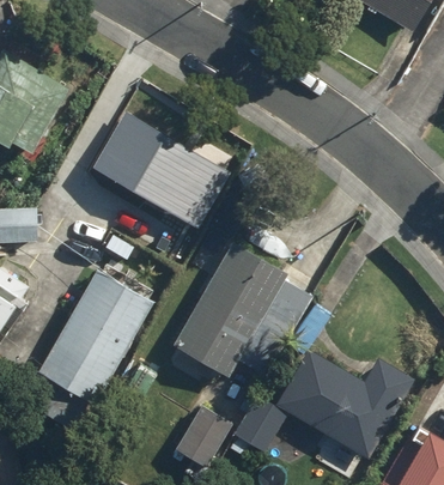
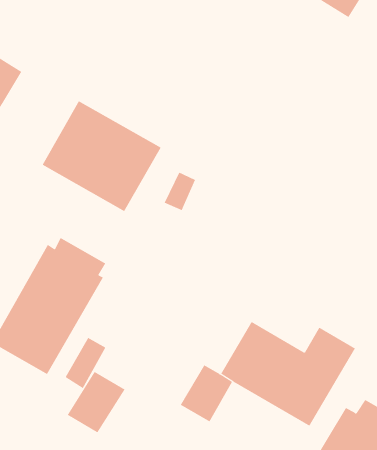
building: [175,240,314,395] -> none
building: [174,405,235,469] -> [67,371,125,433]

